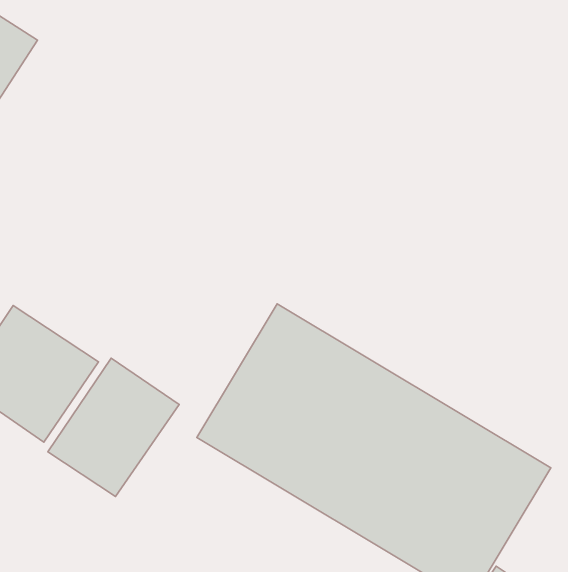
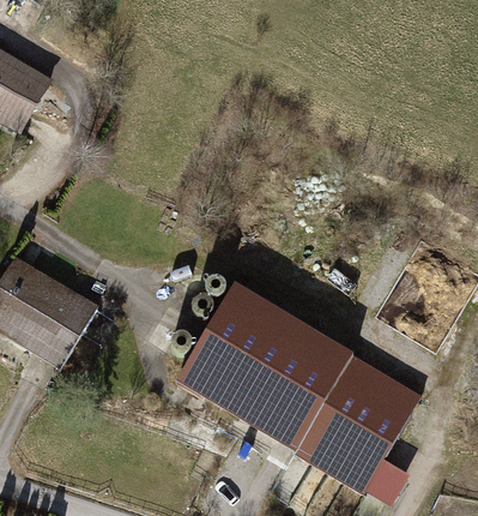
building: [48,358,179,497] -> none

